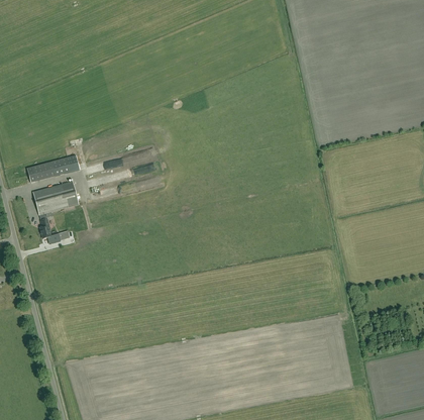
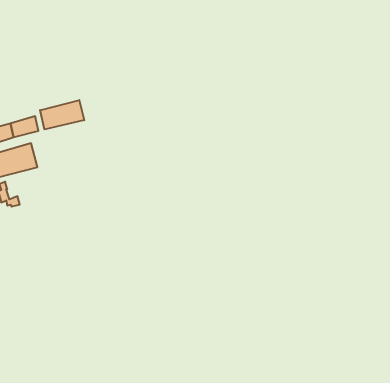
building: none -> [40,100,84,129]

